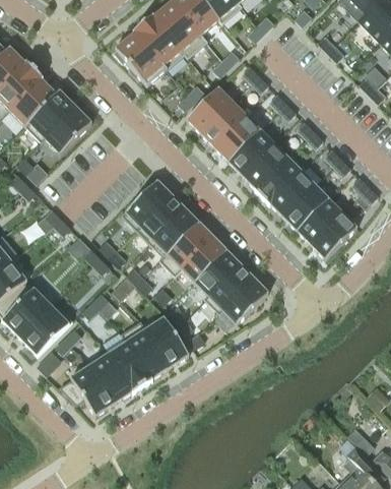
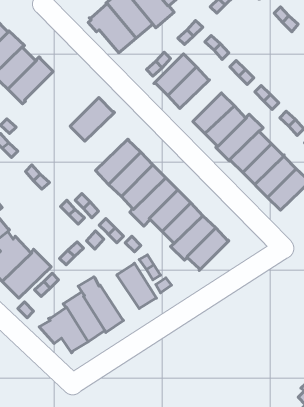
building: [44,106,92,154] -> [70,98,114,141]
building: [214,111,264,161] -> none
building: [121,320,170,378] -> none

